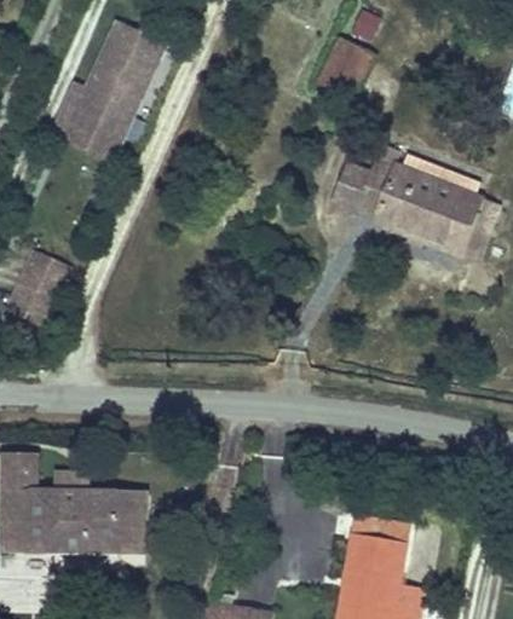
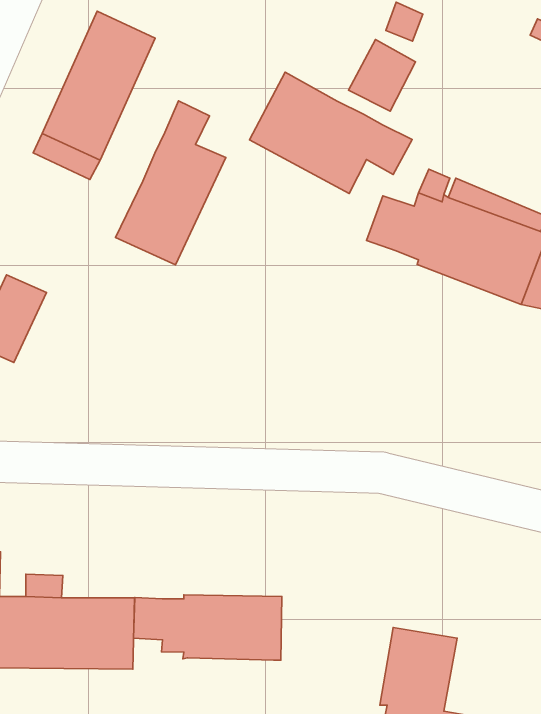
building: none -> [250,72,412,194]
building: none -> [116,101,226,265]
building: none -> [134,595,282,660]

